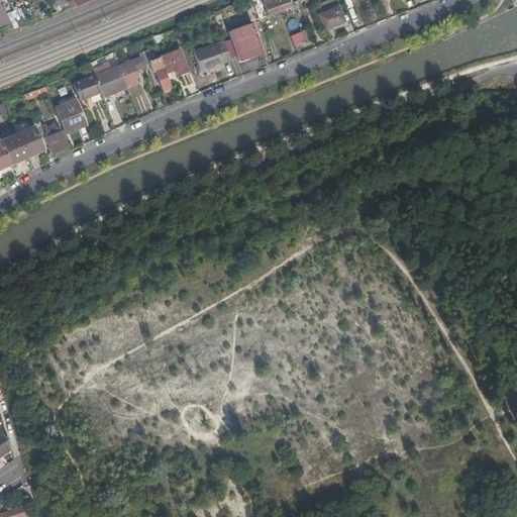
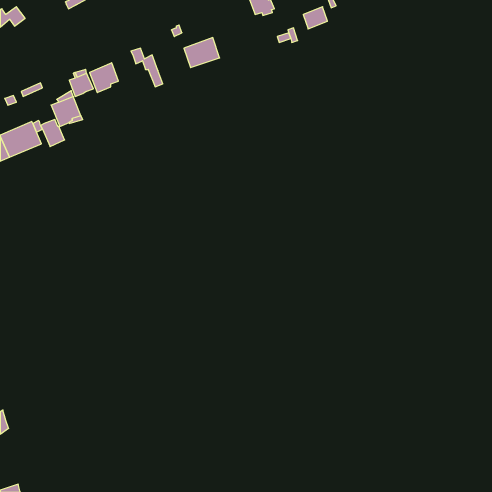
building: [229,24,262,61] -> none
building: [160,50,188,77] -> none
building: [117,58,142,87] -> none

